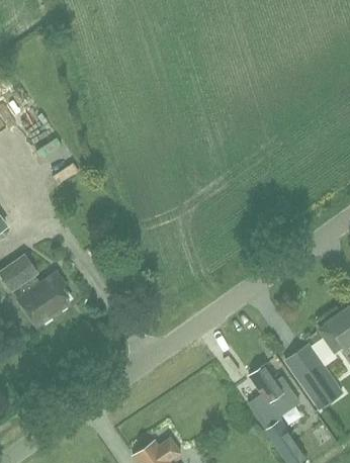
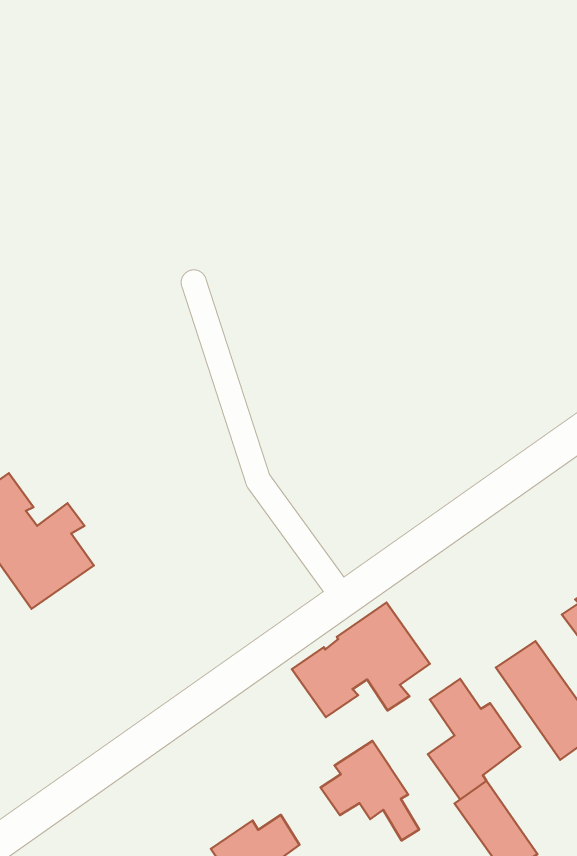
building: none -> [292,603,430,717]
building: none -> [320,741,419,841]

